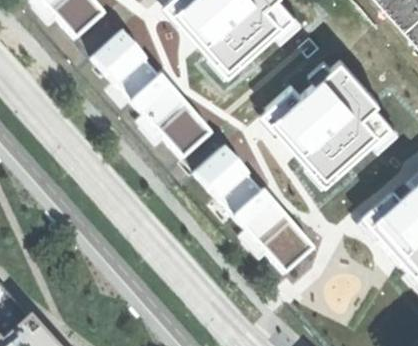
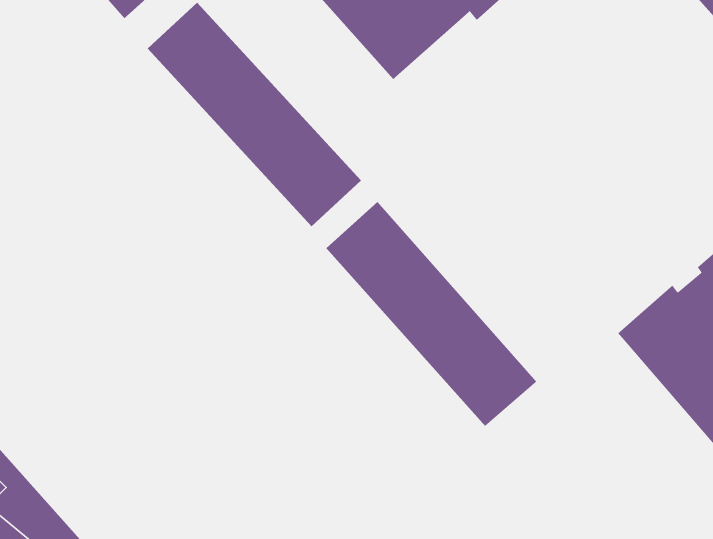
building: [260,57,400,190] -> none

